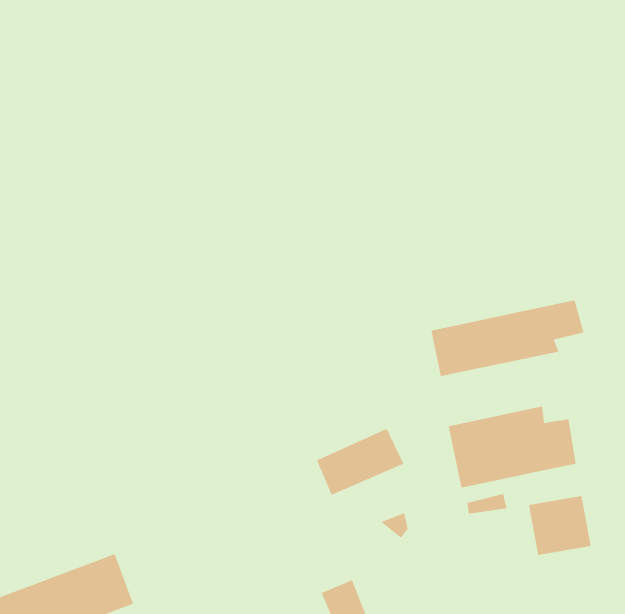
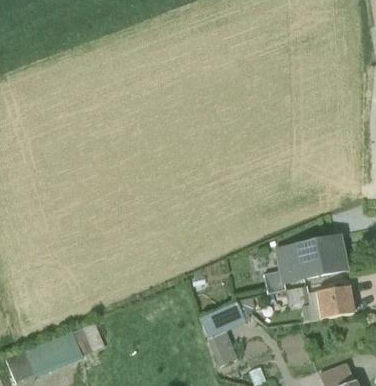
building: [431,300,584,377] -> none
building: [316,428,404,496] -> [199,301,246,337]

